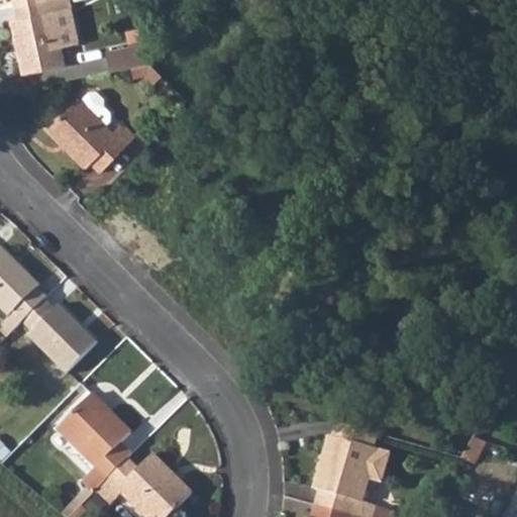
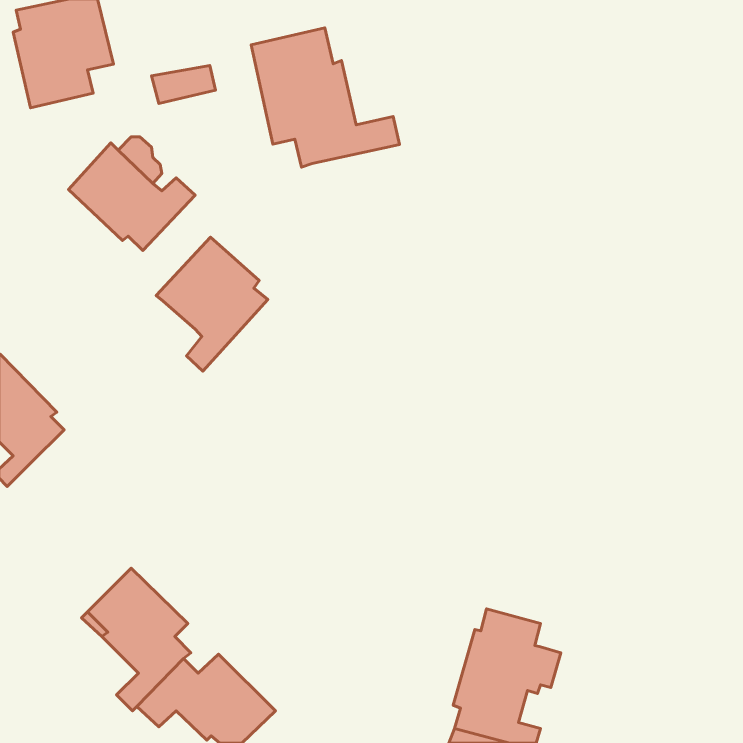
building: none -> [251,28,400,167]
building: none -> [156,237,268,371]
building: [21,298,97,374] -> none

